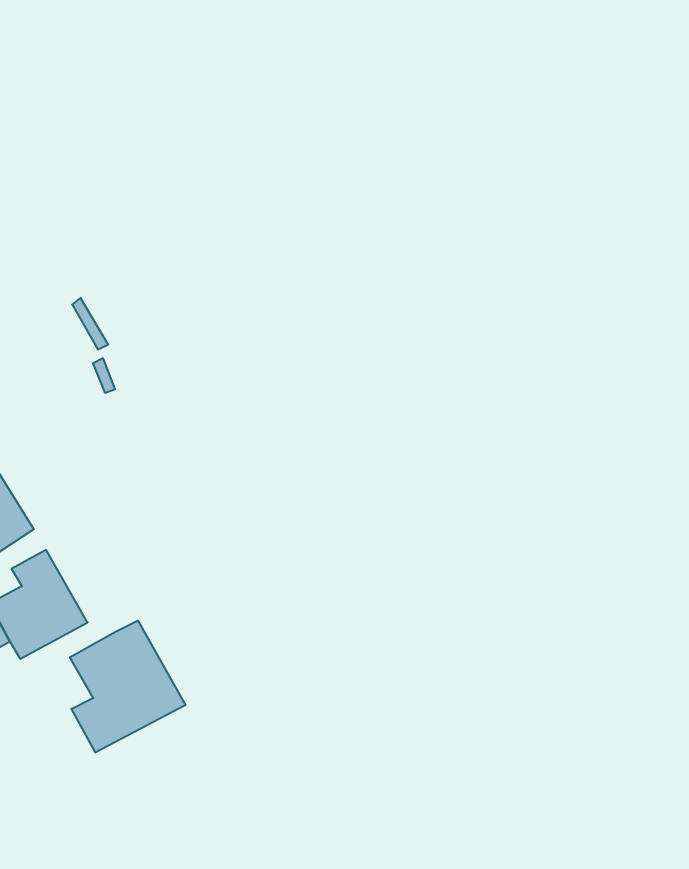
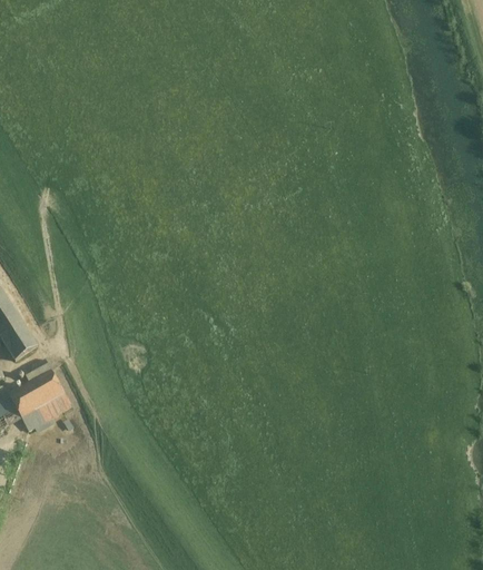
building: [70,621,185,753] -> none

